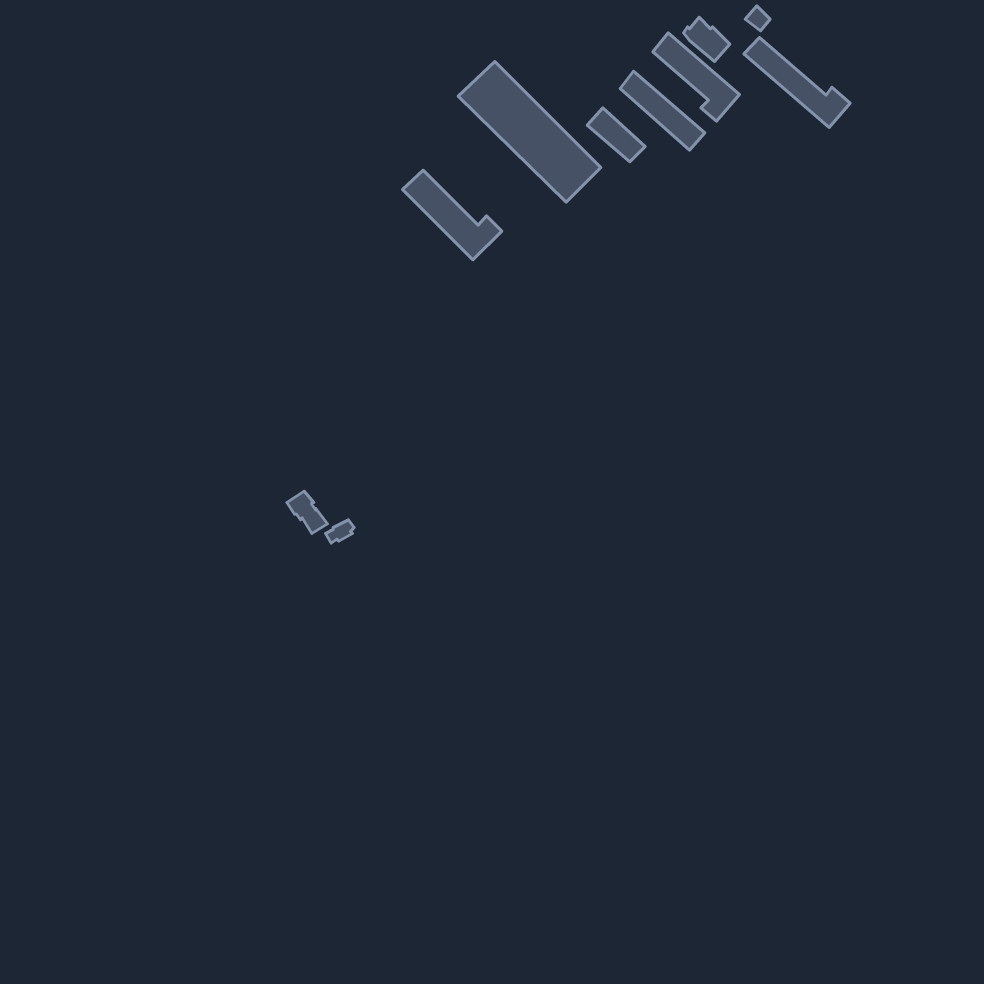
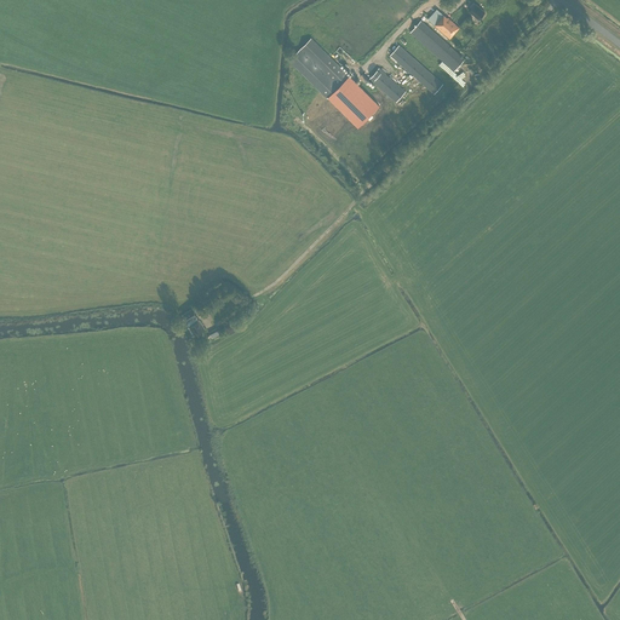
building: [744,38,850,127] -> none
building: [403,170,502,260] -> none

